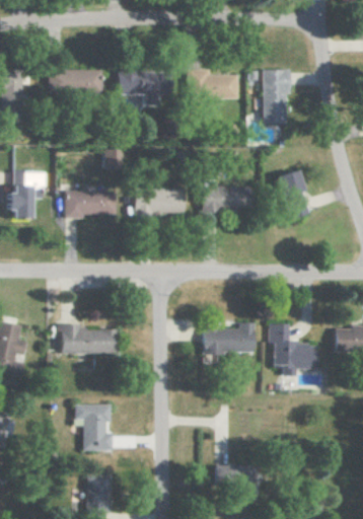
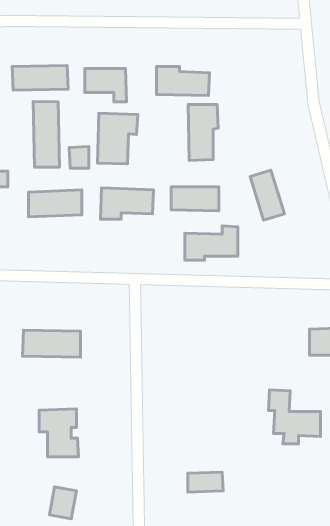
building: [266,69,295,124] -> [188,104,218,160]
building: none -> [33,102,59,167]
building: none -> [98,113,138,164]
building: [205,321,257,355] -> [185,226,238,260]
building: [271,322,321,375] -> [268,390,320,444]

